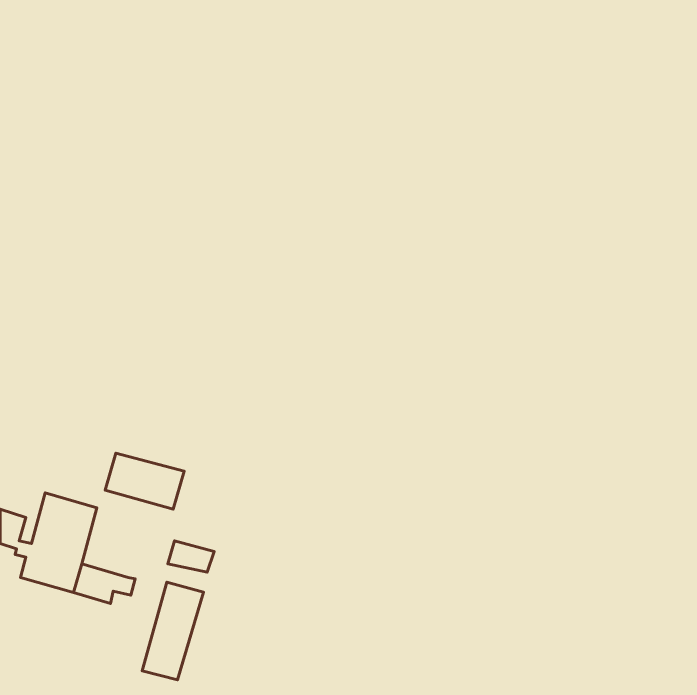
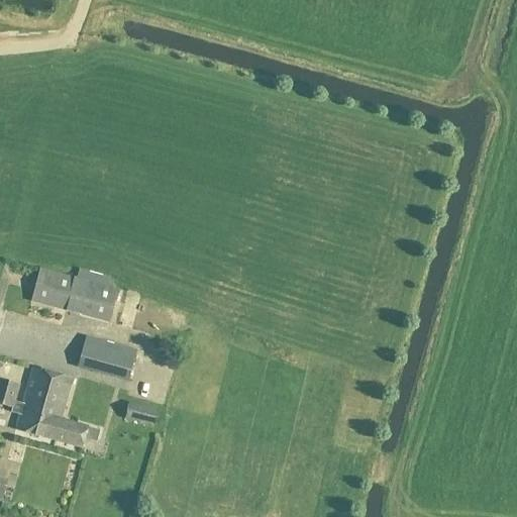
building: none -> [31,267,118,320]
building: [142,582,203,680] -> none

